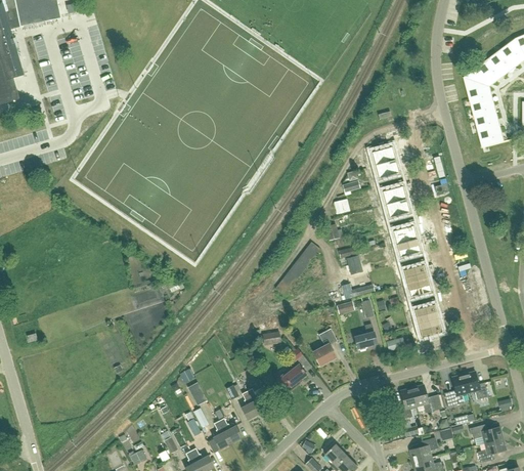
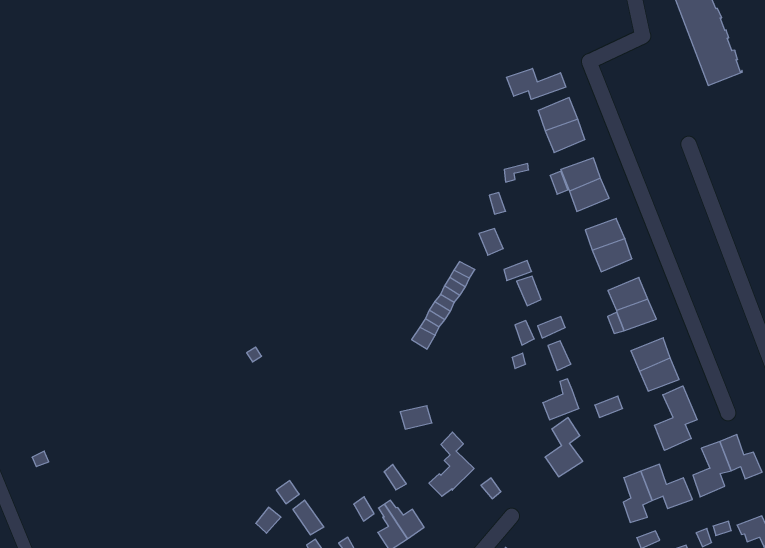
building: none -> [507,68,566,99]
building: [313,329,337,366] -> [545,418,583,477]
building: none -> [654,386,697,450]

